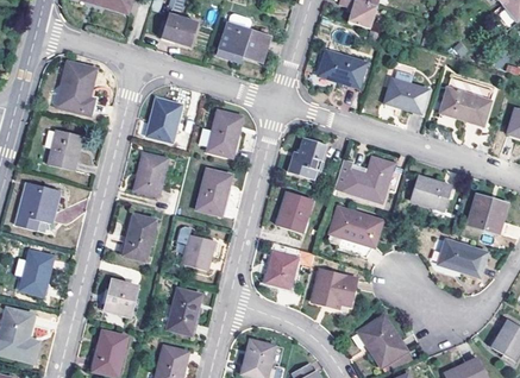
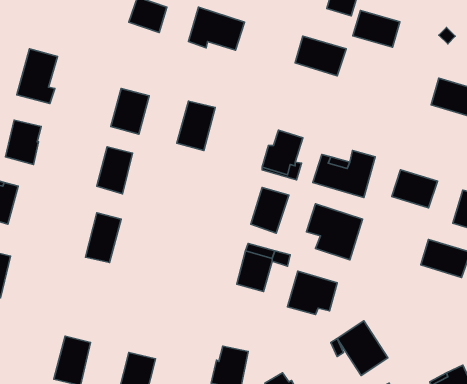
building: [384,77,428,112] -> [353,10,400,47]
building: [198,169,231,214] -> none
building: [182,233,215,270] -> none
building: [104,279,138,315] -> none
building: [168,288,202,333] -> none

